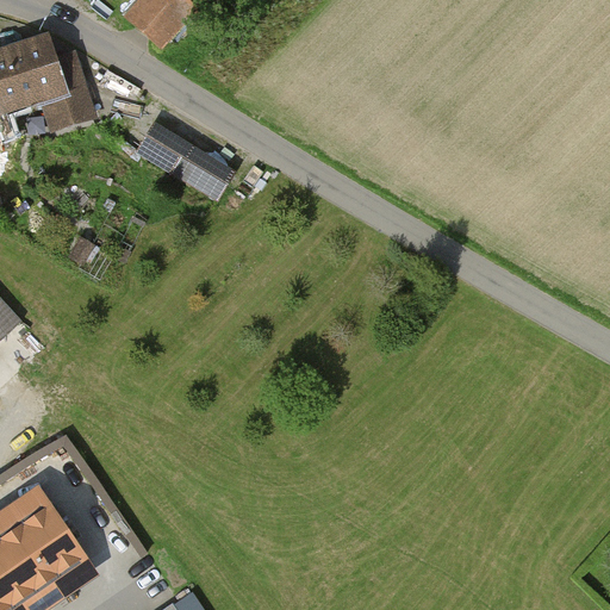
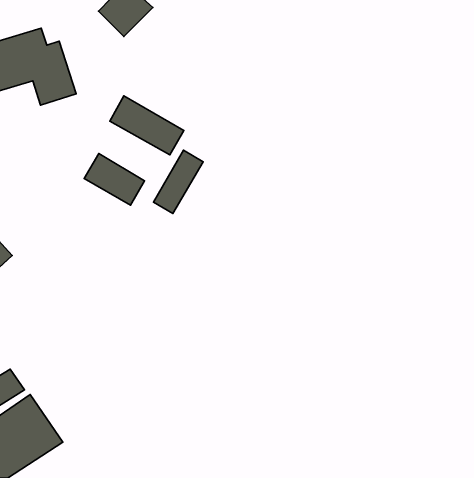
building: none -> [154,150,203,213]
building: none -> [84,154,144,205]

